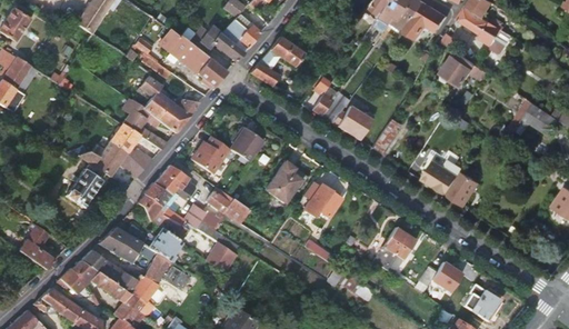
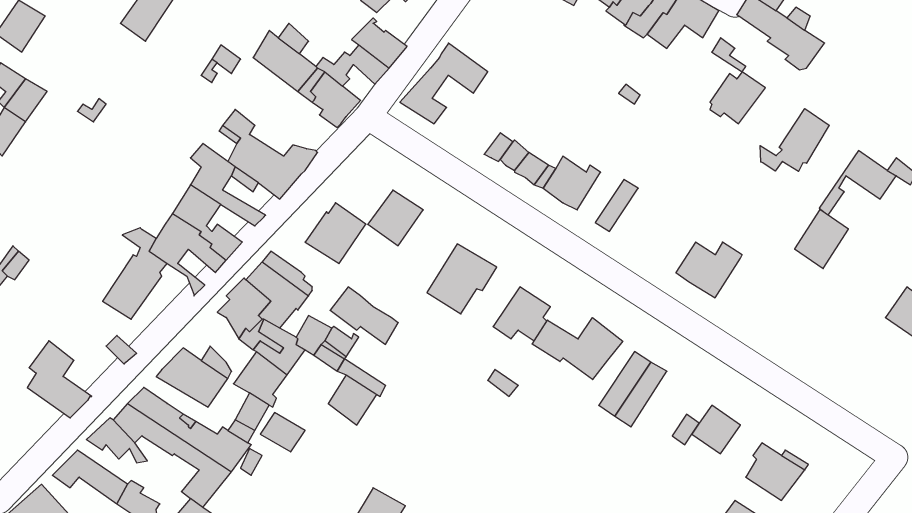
building: none -> [760,109,829,171]
building: [446,169,479,206] -> [795,209,848,269]
building: none -> [532,318,623,380]

